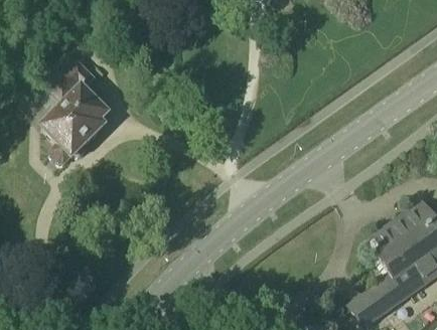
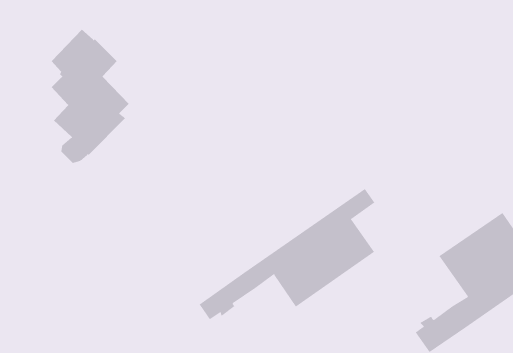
building: none -> [199,188,375,320]

